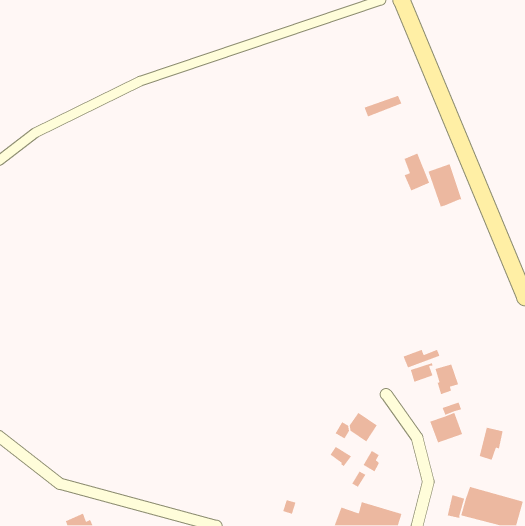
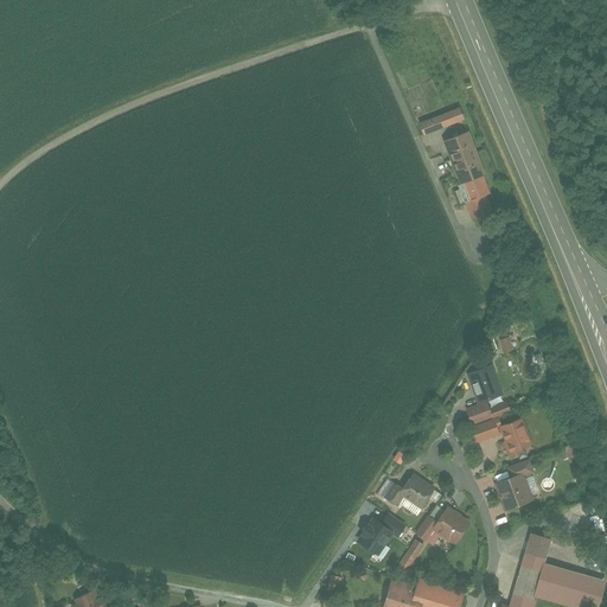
building: [428,163,463,207] -> [445,133,485,184]
building: none -> [466,364,500,402]
building: [479,427,504,461] -> [520,535,549,574]
building: none -> [434,509,469,544]
building: none -> [357,518,392,555]

